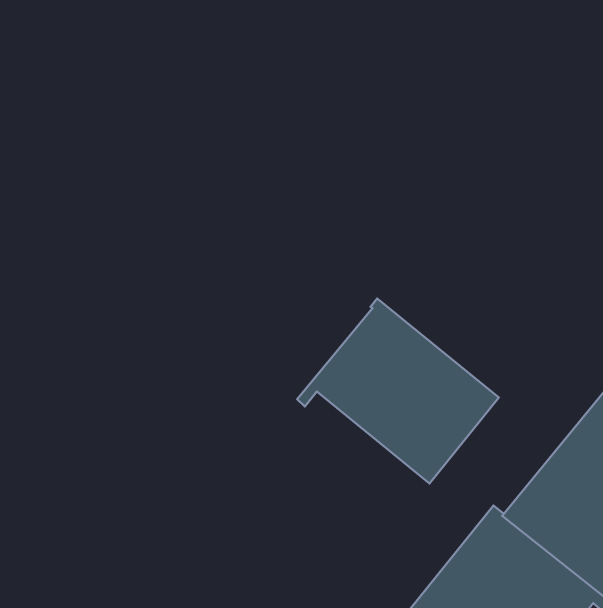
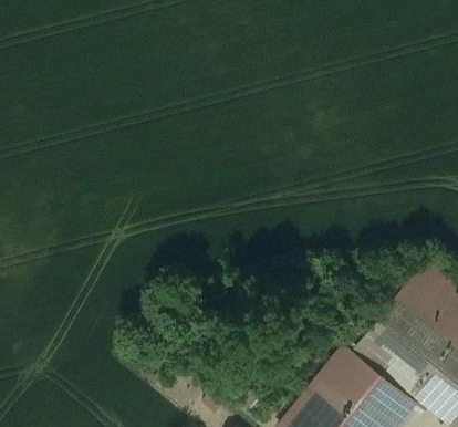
building: [297,298,499,483] -> none

